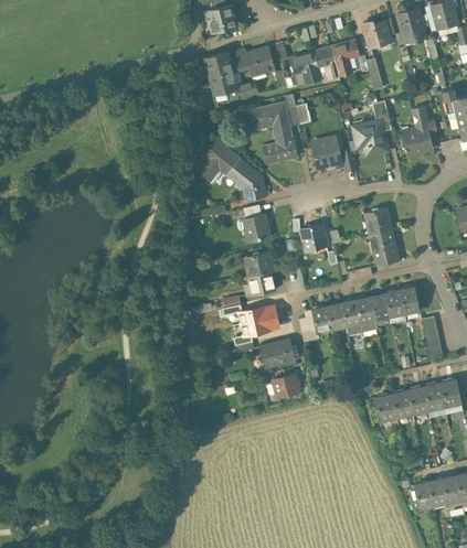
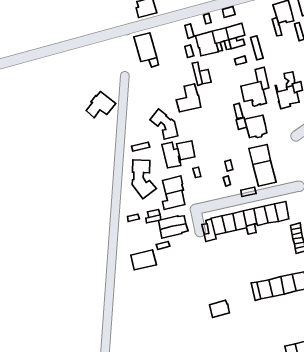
building: [362,21,391,47] -> none
building: [244,47,274,76] -> none
building: [251,103,288,128] -> none
building: [310,137,341,168] -> [245,115,267,138]
building: [198,141,238,178] -> [86,91,116,118]
building: [301,224,327,250] -> [177,141,195,160]
building: none -> [132,160,156,199]
building: [259,339,295,366] -> [131,250,156,270]
building: [272,373,299,397] -> [209,300,229,318]

